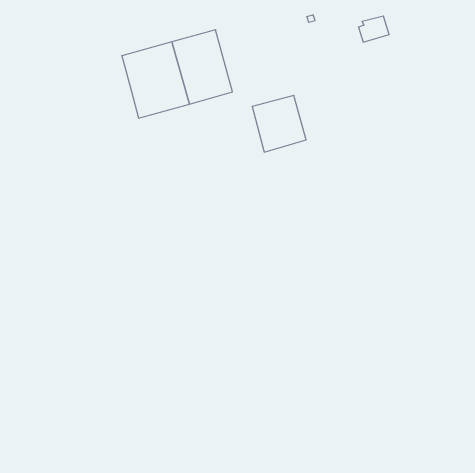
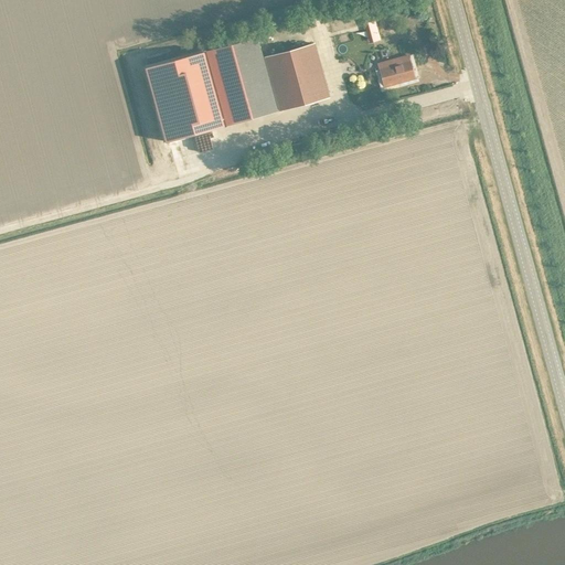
building: [358,16,389,42] -> [377,56,414,87]
building: [252,95,306,152] -> [264,44,328,111]

